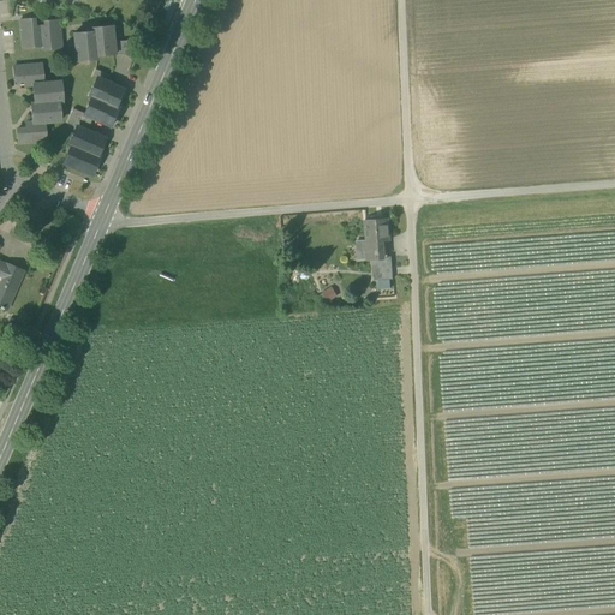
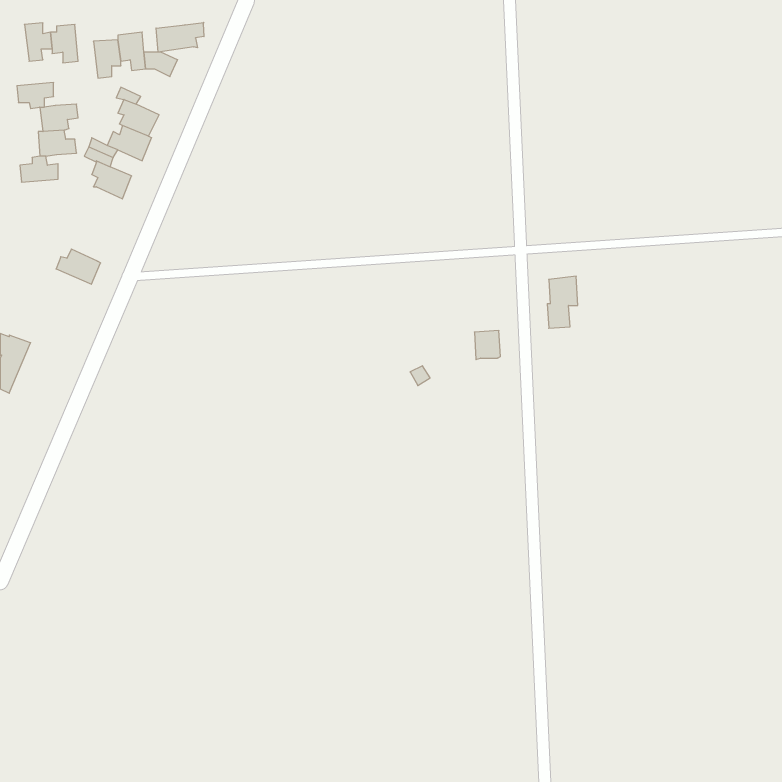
building: none -> [156,22,204,52]
building: [64,147,98,174] -> [56,249,101,284]
building: [364,219,388,259] -> [547,276,578,328]

